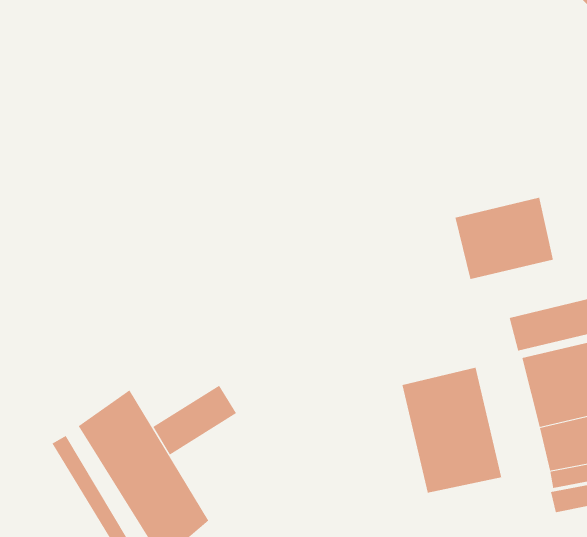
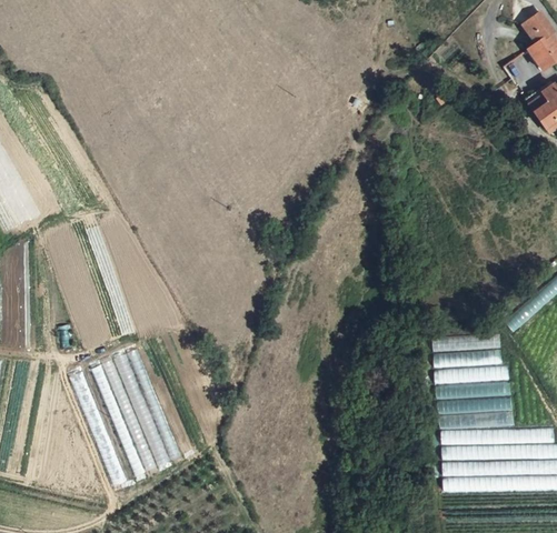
building: [455,197,553,280] -> none
building: [402,367,502,494] -> none
building: [152,385,237,455] -> none

